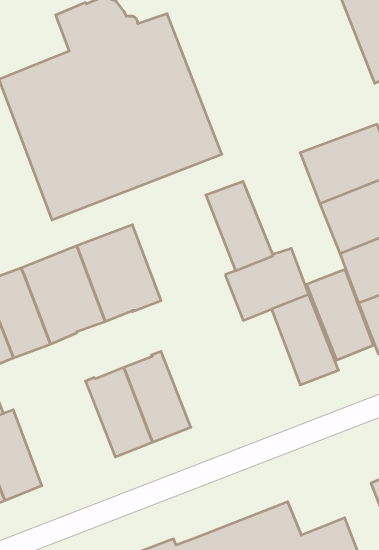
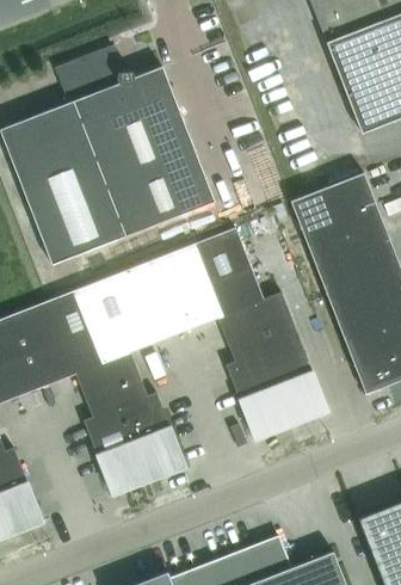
building: none -> [129,241,228,343]
building: [307,269,374,360] -> [226,351,290,438]
building: none -> [75,352,148,418]

